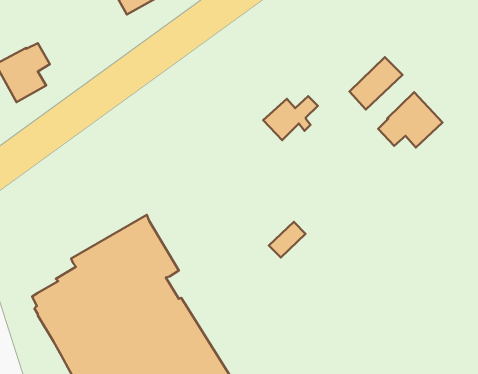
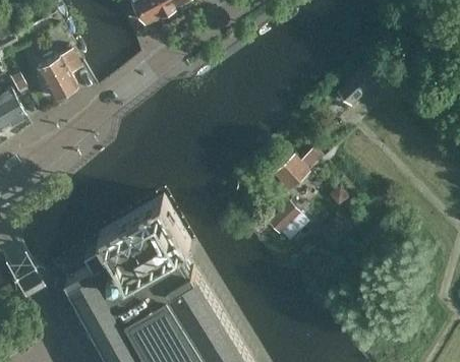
building: [378,92,443,148] -> none
building: [263,96,318,140] -> [273,152,320,189]

